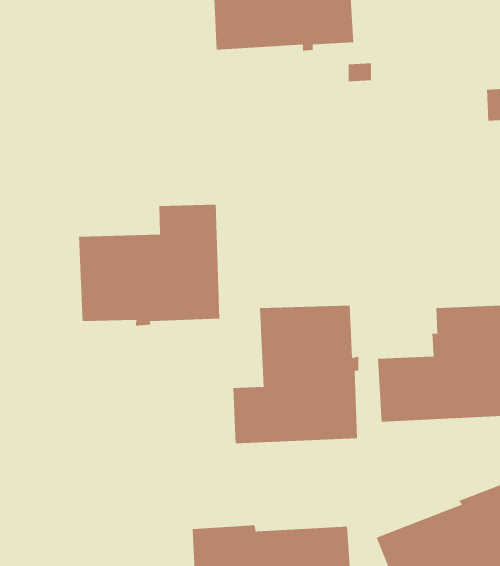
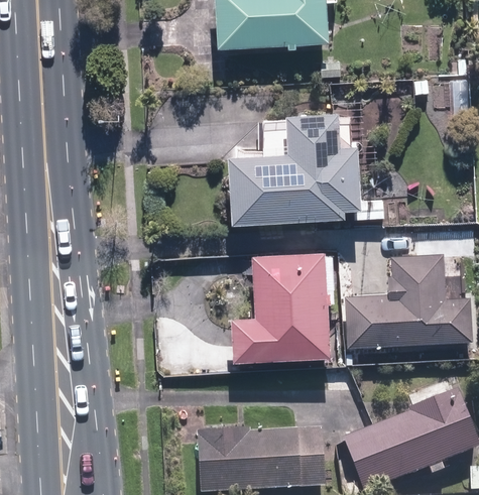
building: none -> [226,114,360,225]
building: [78,204,220,326] -> none

